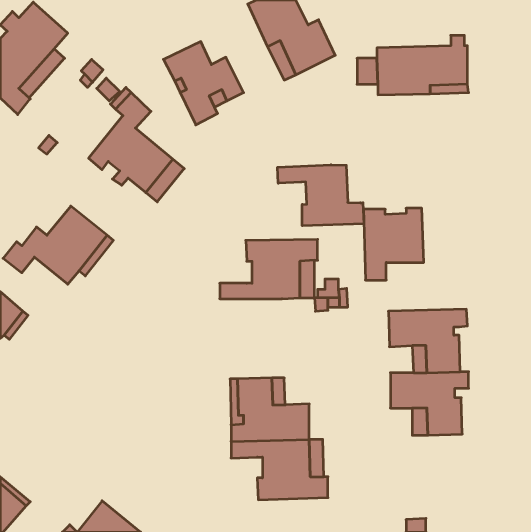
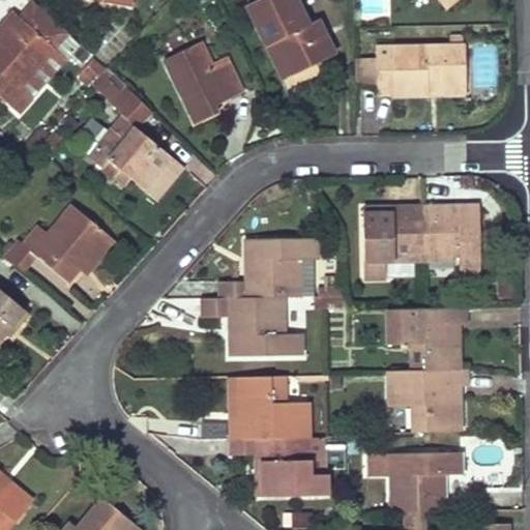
building: [278,165,364,226] -> none
building: none -> [420,206,480,276]
building: none -> [201,297,301,356]
building: none -> [369,452,462,511]

